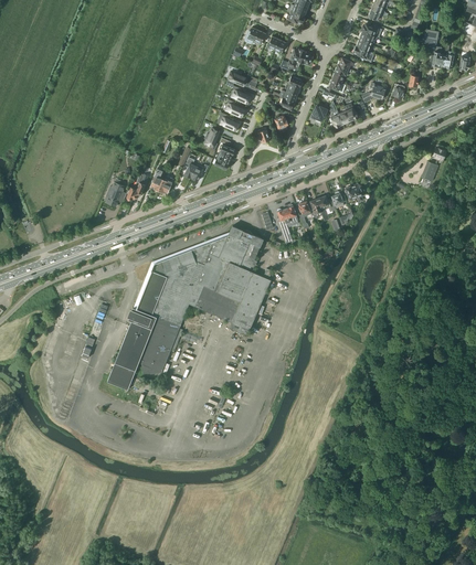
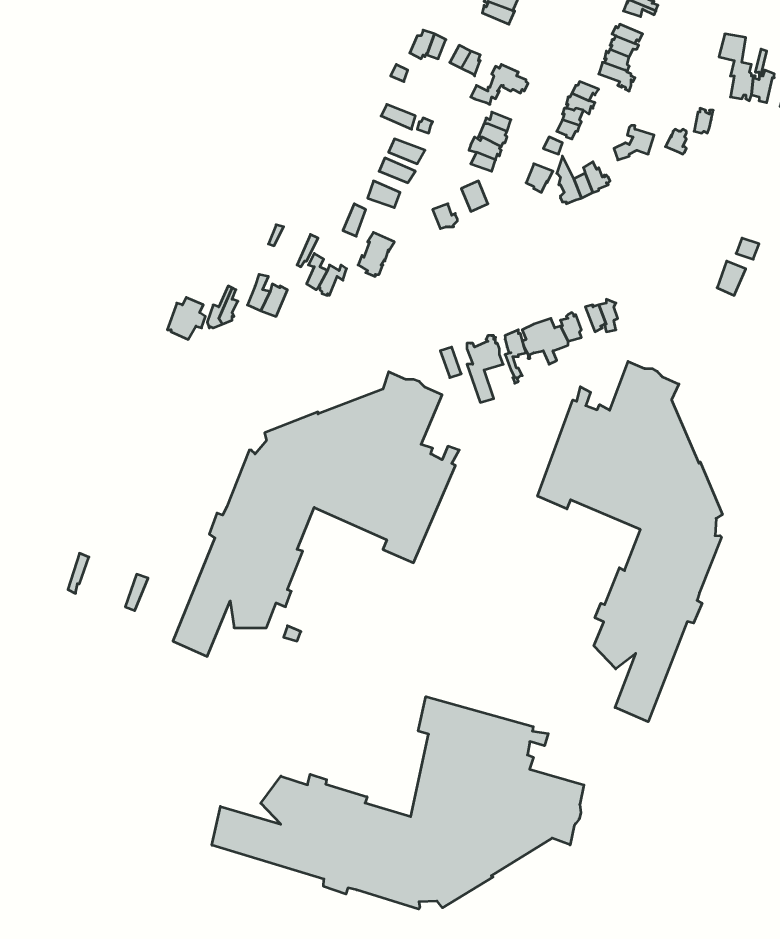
building: none -> [538,361,722,722]
building: none -> [212,697,584,909]

